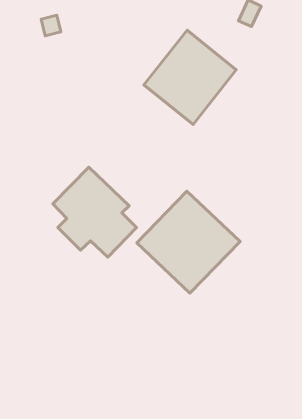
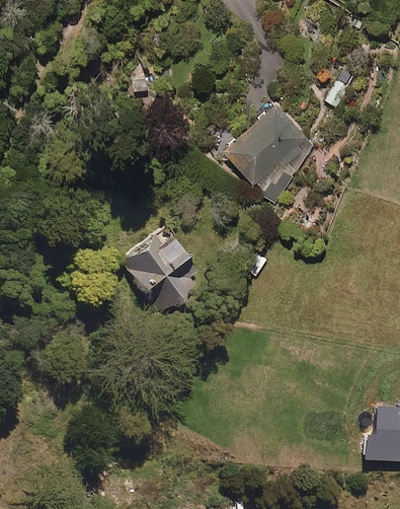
building: [137,191,240,293] -> none

